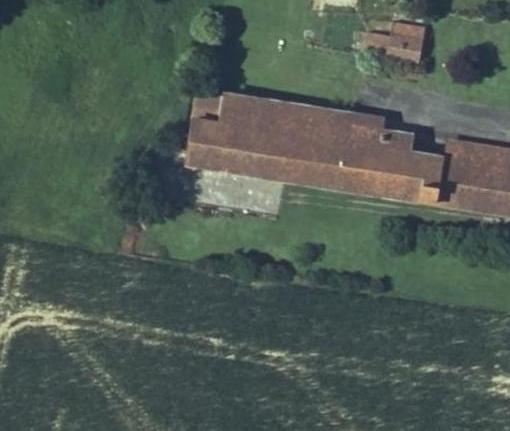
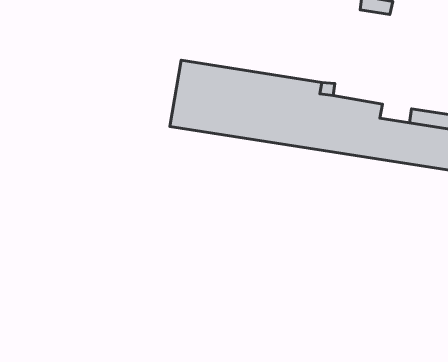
building: [364,33,422,62] -> none

